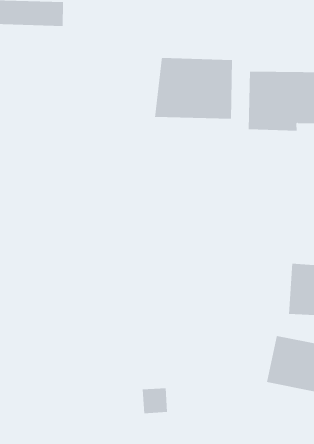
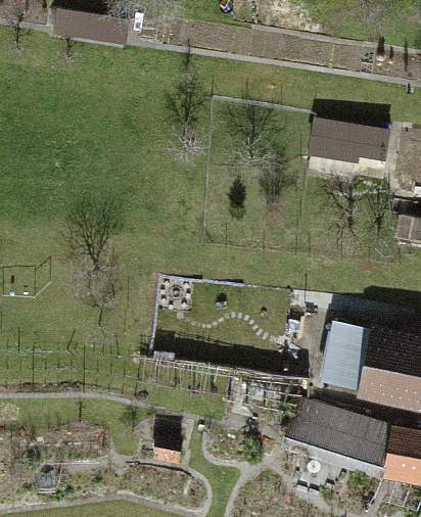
building: [155,57,233,119] -> none

